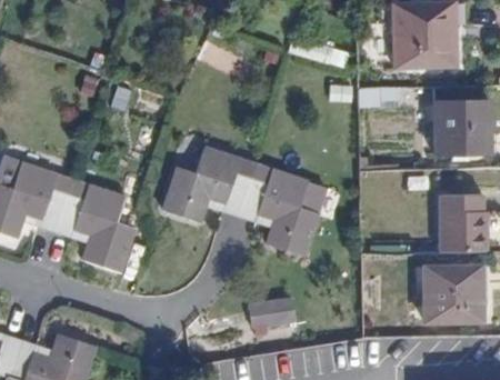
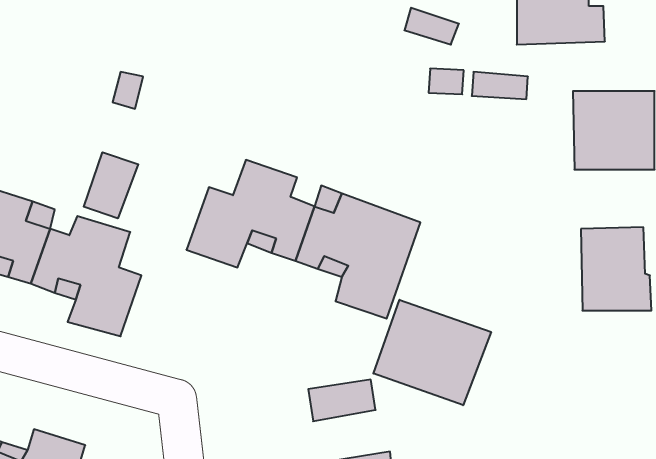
building: none -> [84,152,138,218]
building: none -> [373,300,491,405]
building: [423,266,481,322] -> none

